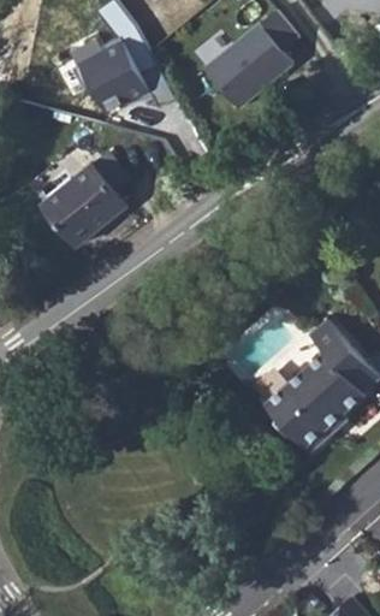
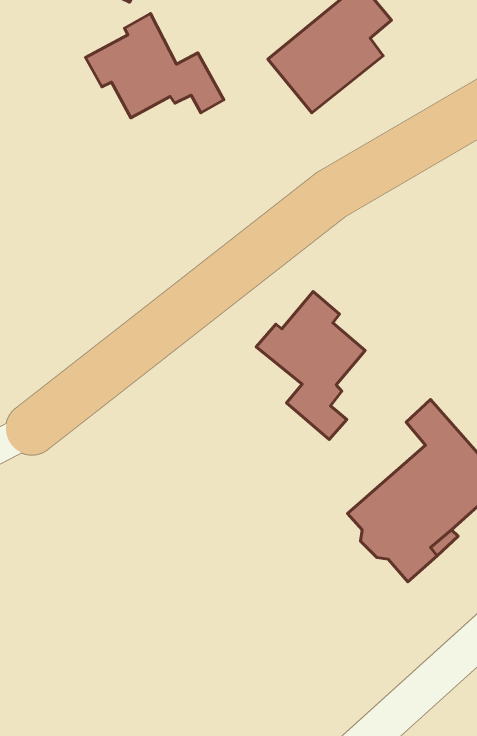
building: [43,152,129,247] -> none
building: none -> [256,291,365,439]

